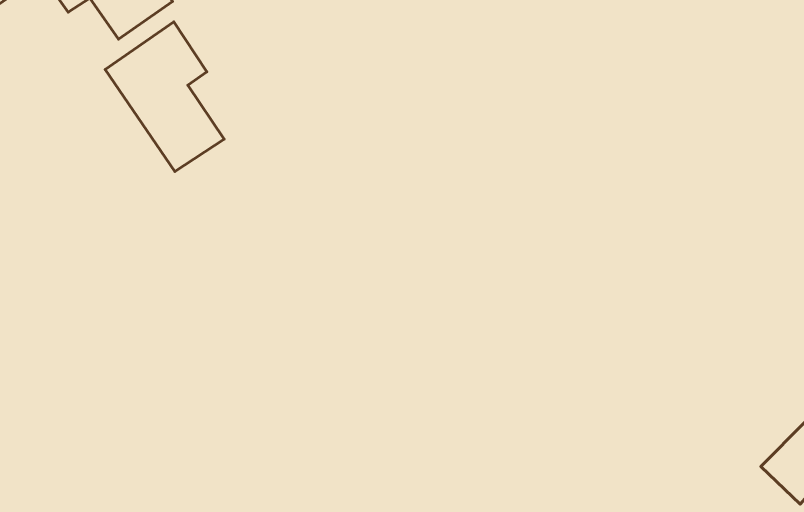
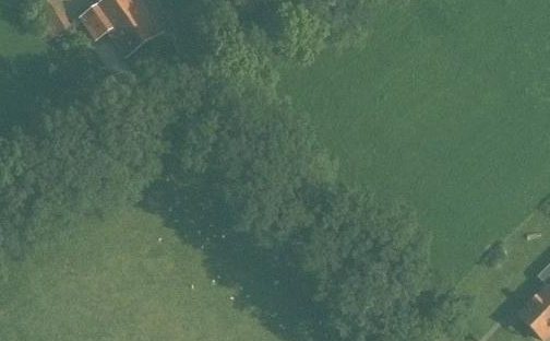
building: [105,22,224,172] -> none

